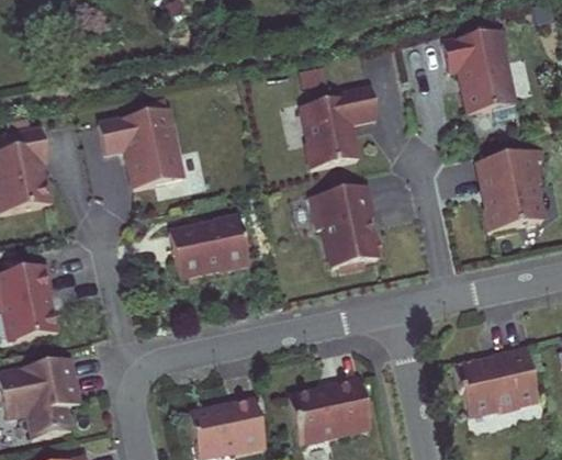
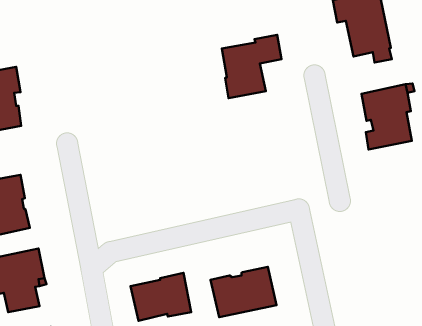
building: [98,106,183,188] -> none
building: [308,183,381,270] -> none
building: [169,213,249,276] -> none
building: [457,346,540,413] -> none

